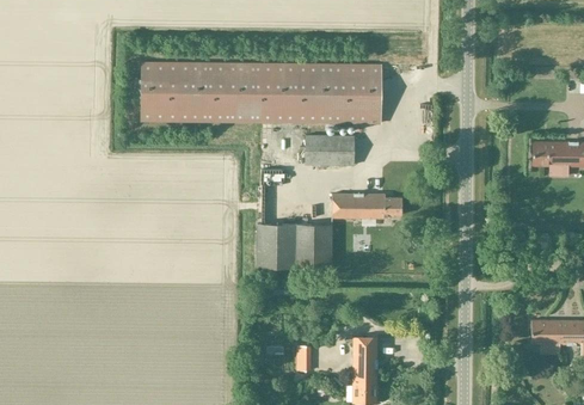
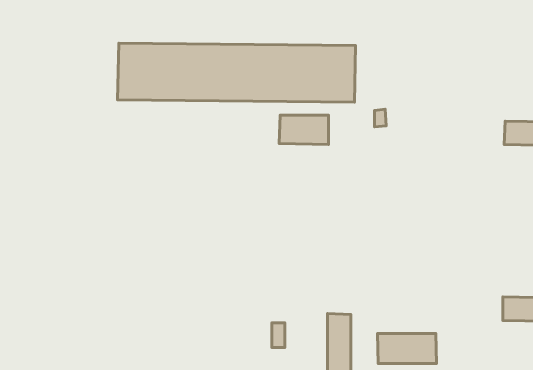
building: [331,194,400,217] -> none
building: [256,223,331,268] -> none
building: none -> [378,334,437,363]

